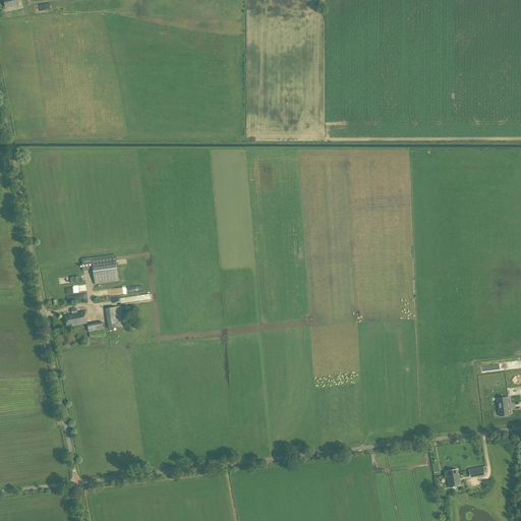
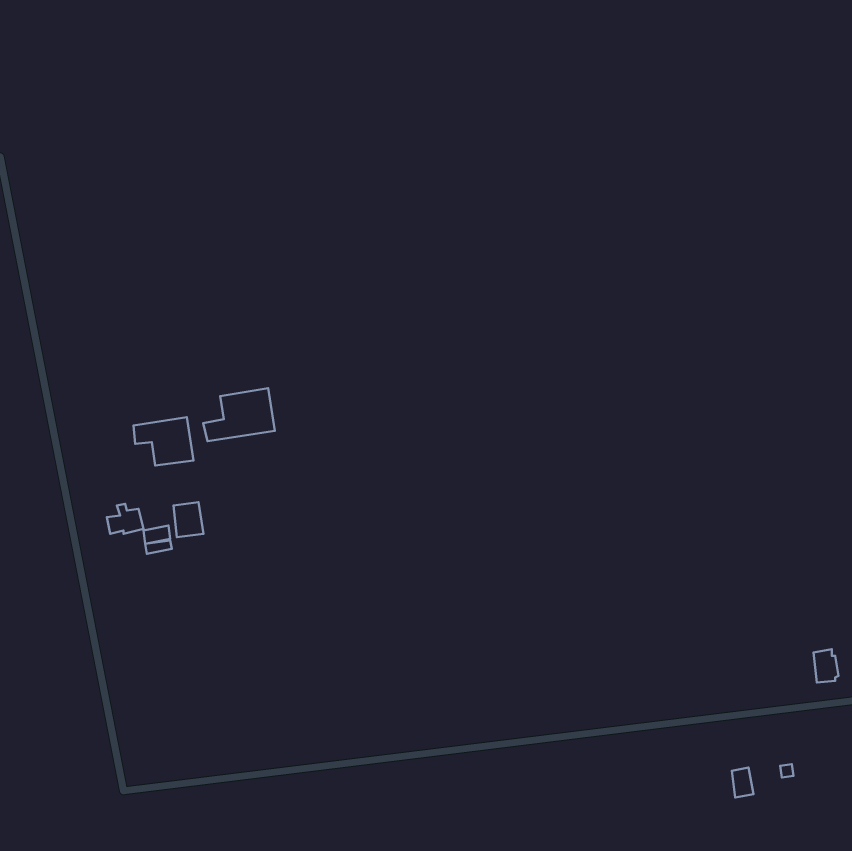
building: none -> [203,388,275,441]

